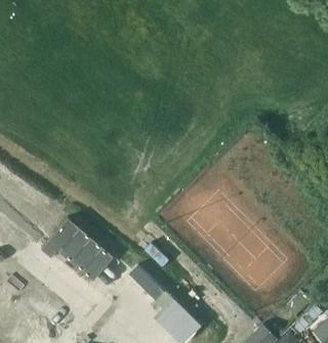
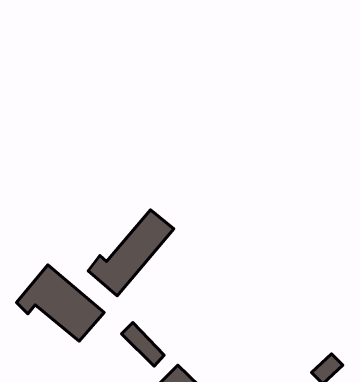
building: none -> [88,210,174,296]

